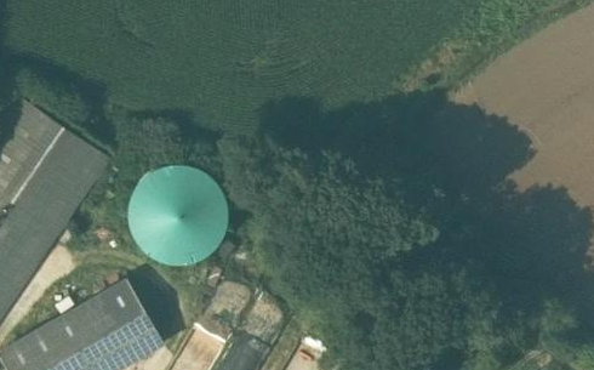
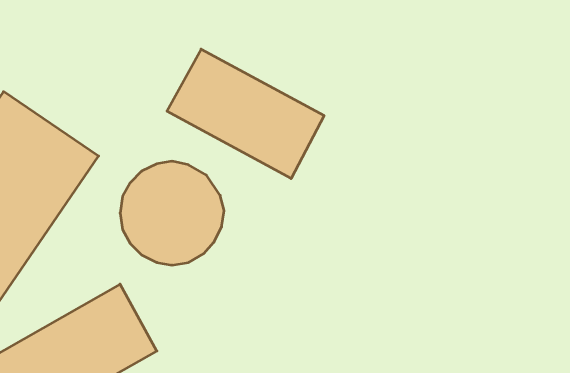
building: none -> [167,49,324,179]

